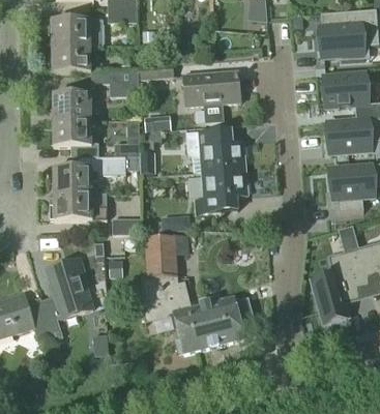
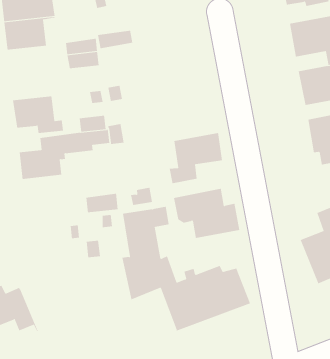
building: [183,71,239,123] -> none
building: [53,92,91,118] -> none
building: [184,128,244,173] -> [173,188,240,238]
building: [49,194,107,219] -> none
building: [41,256,93,338] -> none

